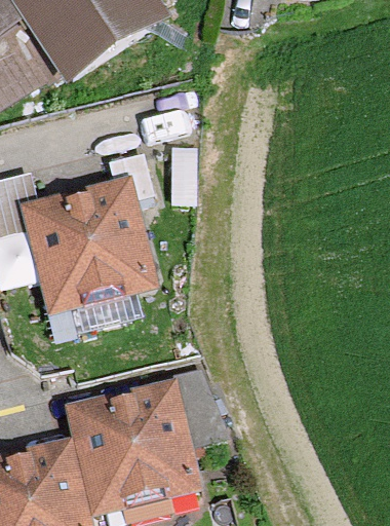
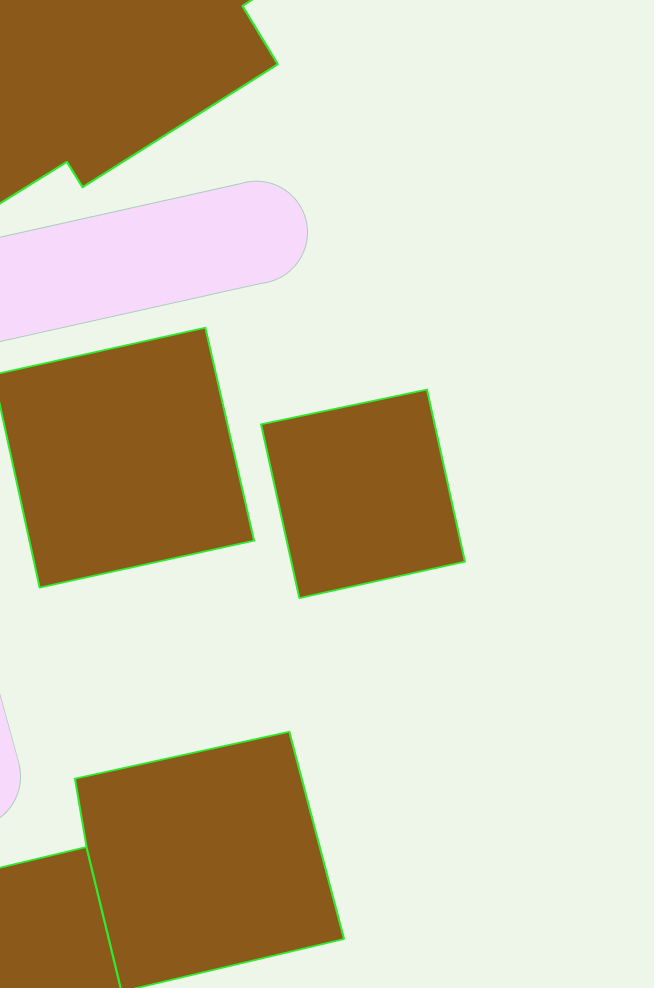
building: none -> [261,389,465,598]

